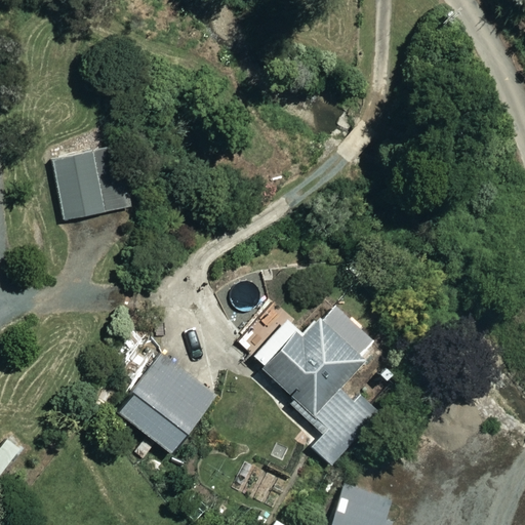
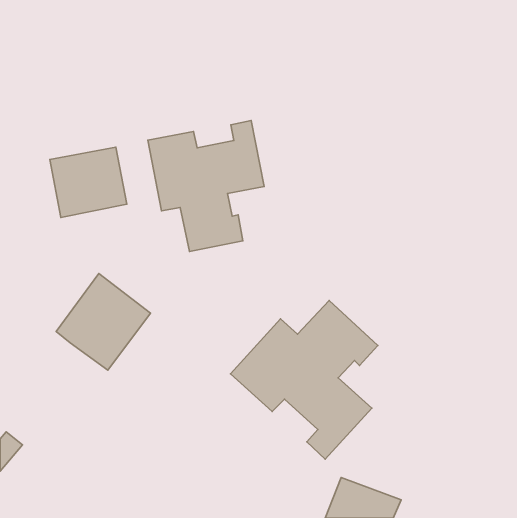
building: none -> [148,120,264,252]
building: [118,355,213,452] -> [56,274,151,370]

